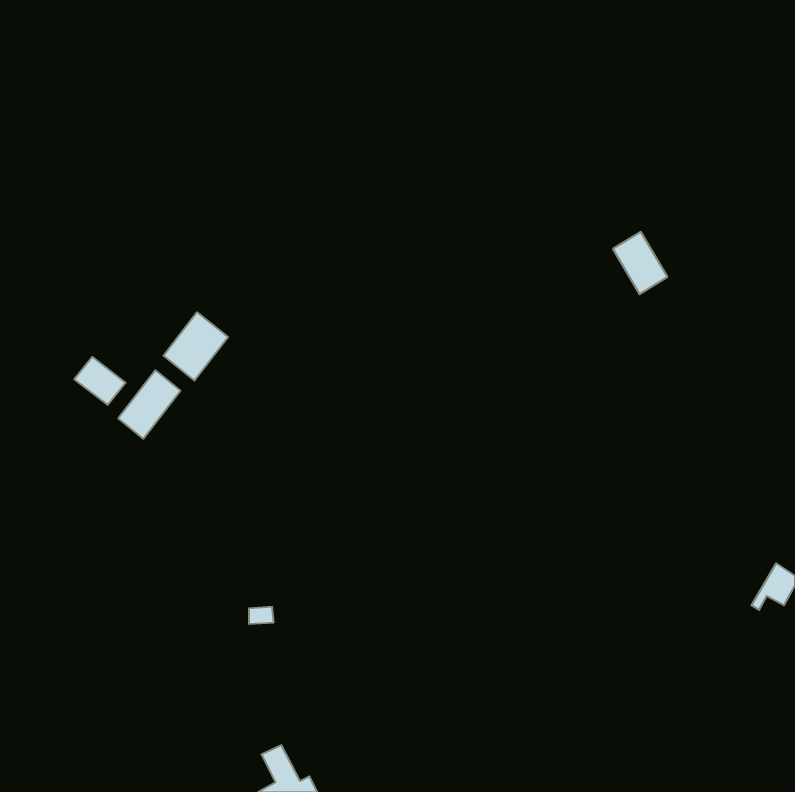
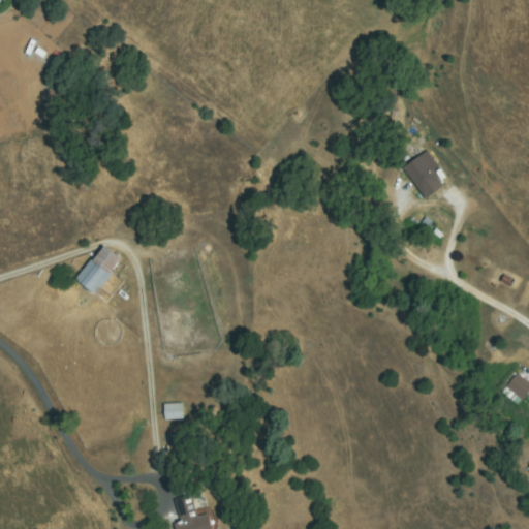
building: [163,312,228,381] -> none
building: [74,357,126,405] -> none

